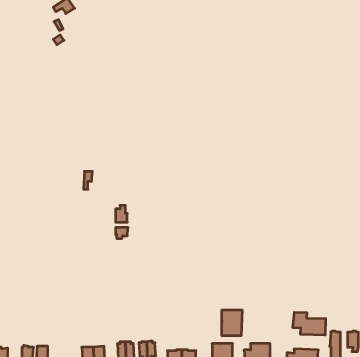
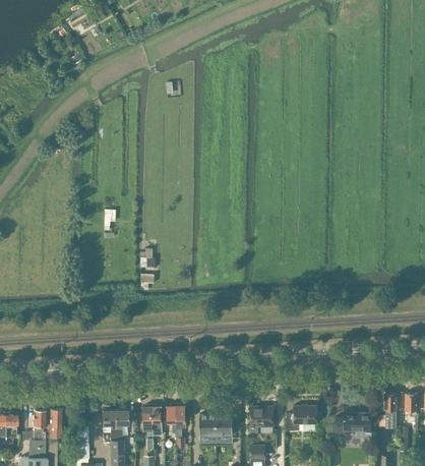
building: [222,310,242,336] -> none
building: [293,312,326,335] -> none

